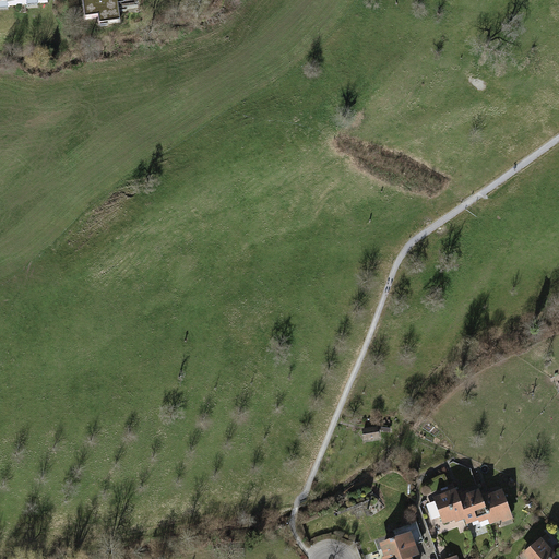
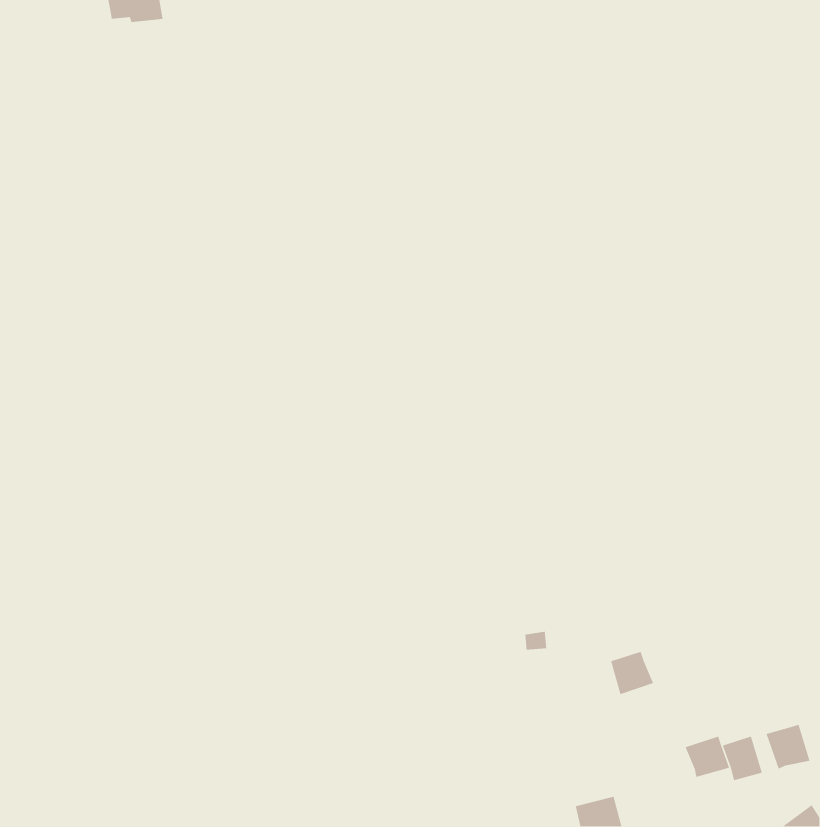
building: none -> [765,724,811,770]
building: [435,492,464,522] -> [610,651,654,695]

